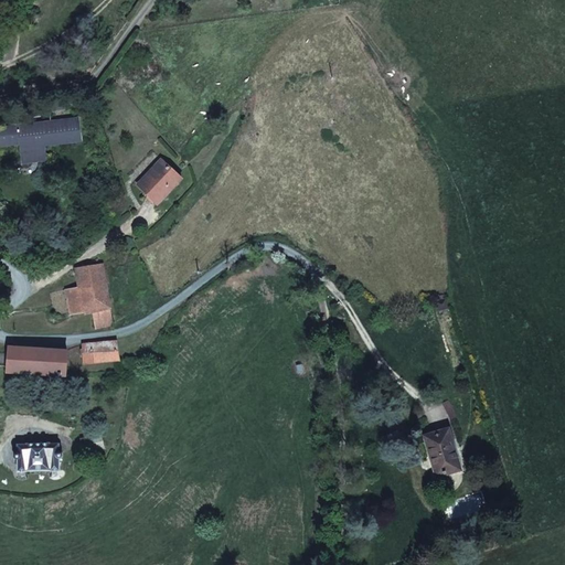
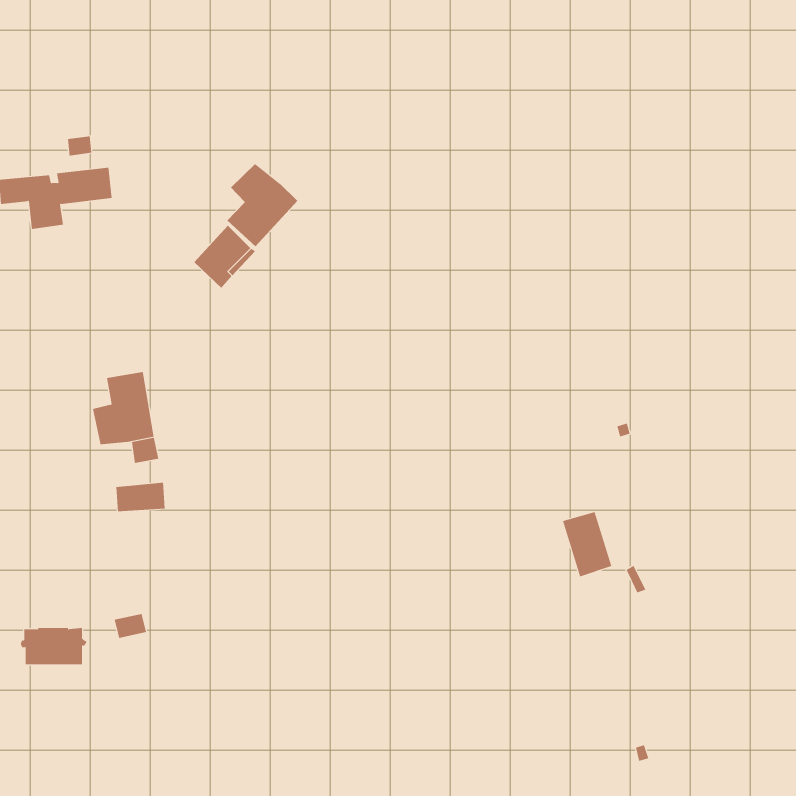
building: none -> [227,163,298,247]
building: [7,347,66,375] -> none
building: [424,429,459,476] -> [562,512,612,577]

